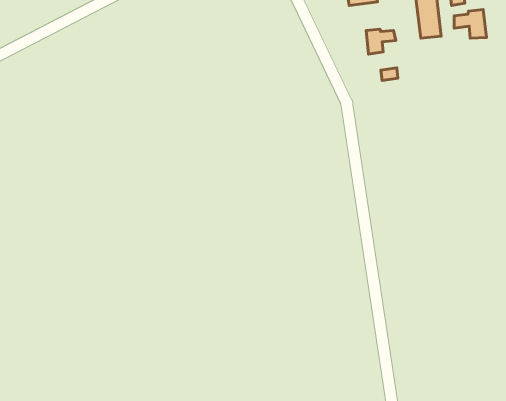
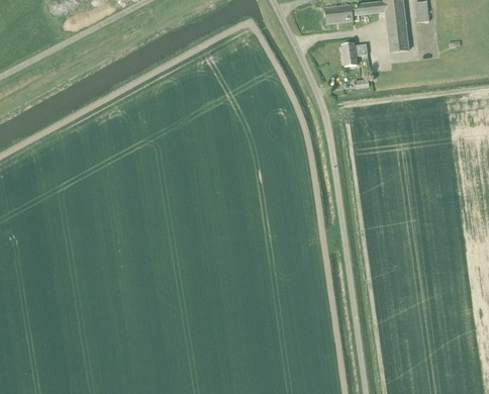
building: [454,9,487,38] -> none

